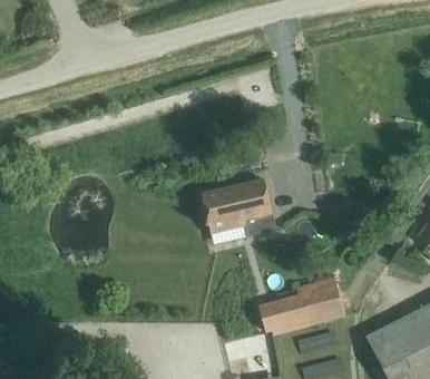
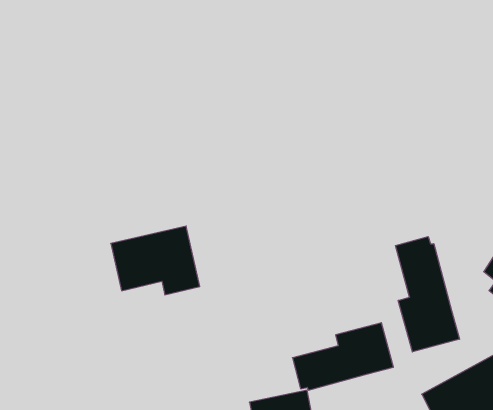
building: [202,178,275,235] -> [111,226,200,295]
building: none -> [395,237,460,352]

